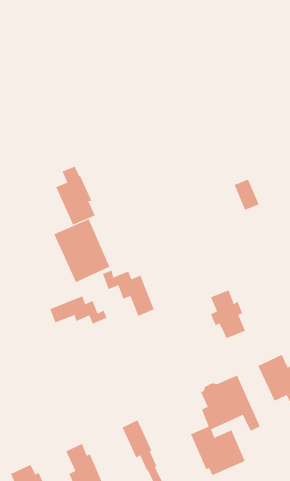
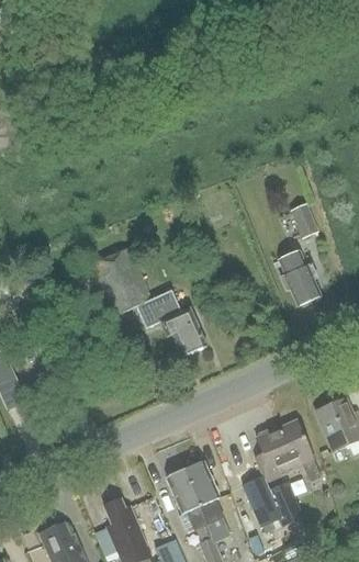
building: [55,166,95,226] -> none
building: [210,289,246,339] -> [280,251,319,306]
building: [50,296,107,325] -> none
building: none -> [183,462,221,522]

